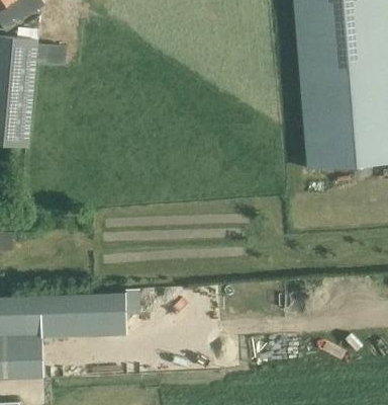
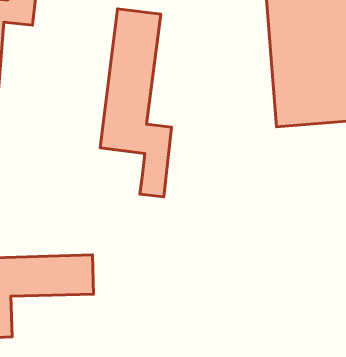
building: none -> [100,9,172,197]

